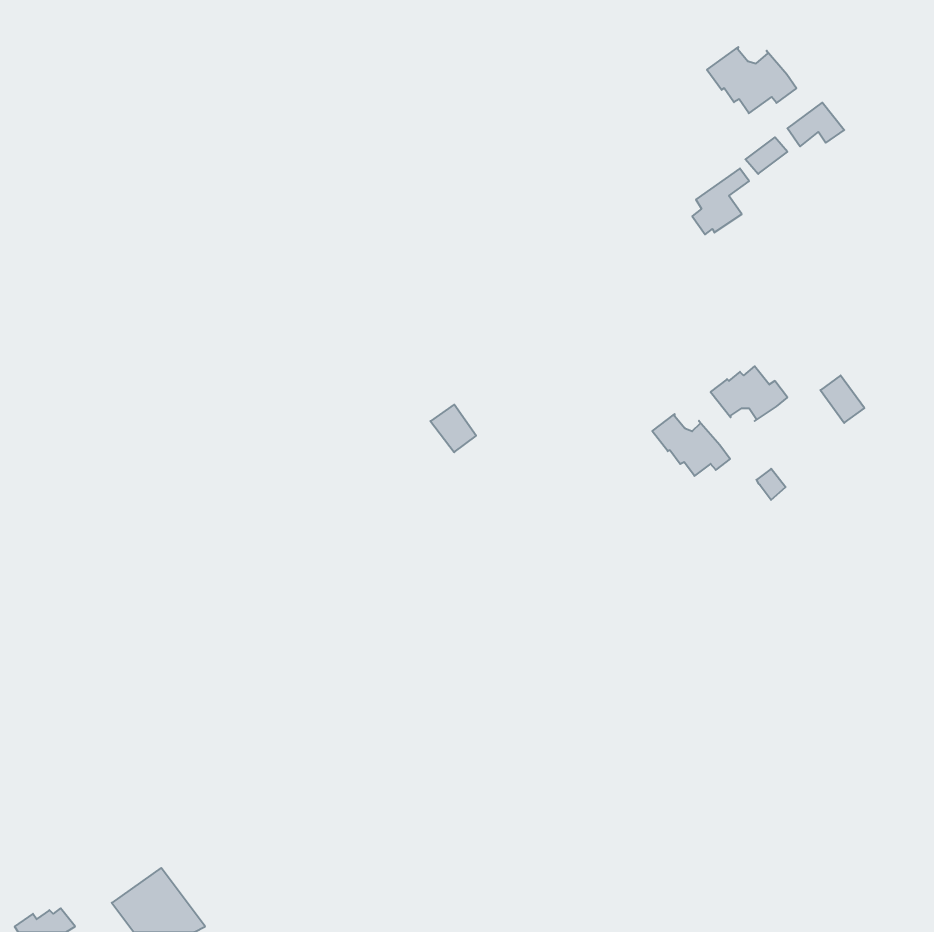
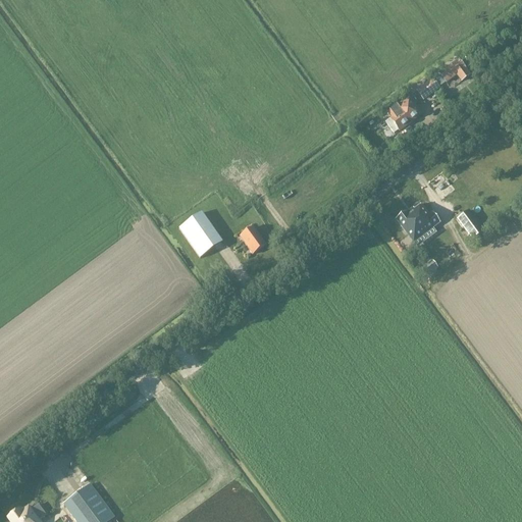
building: [707,47,796,113] -> none
building: none -> [179,212,222,257]
building: [652,414,730,476] -> none

